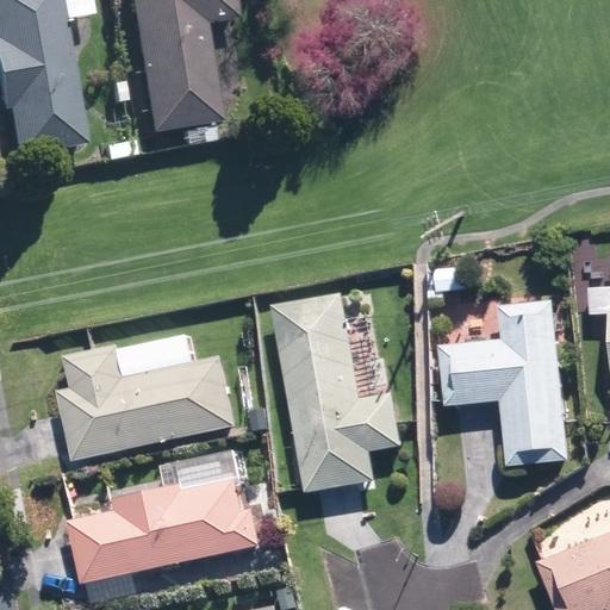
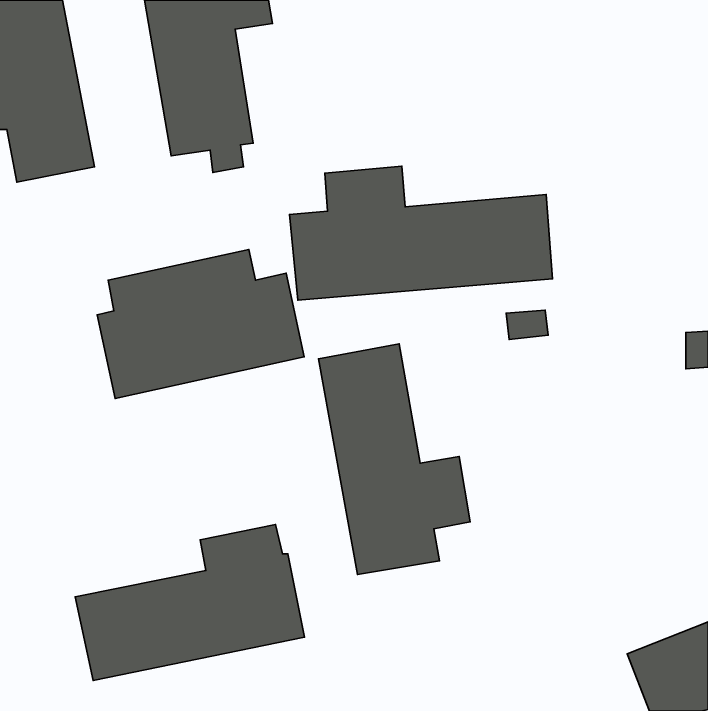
building: none -> [290,166,552,300]
building: [437,300,567,463] -> none
building: [57,334,235,461] -> [97,250,304,398]

